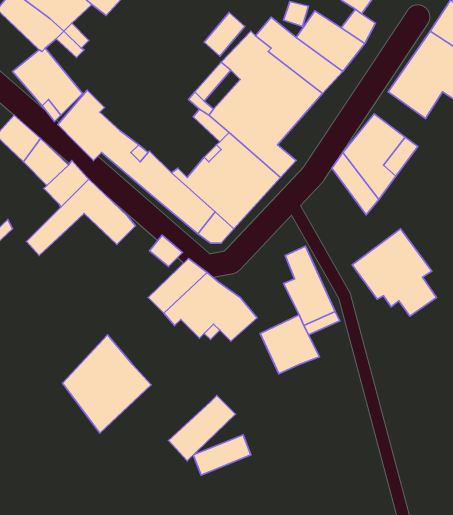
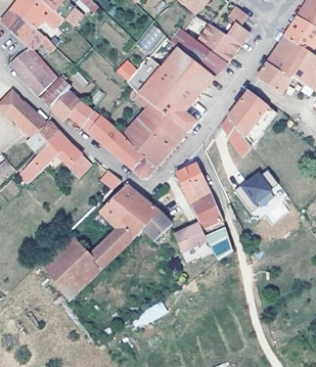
building: none -> [175,164,202,201]
building: [168,395,235,461] -> [89,225,133,268]

